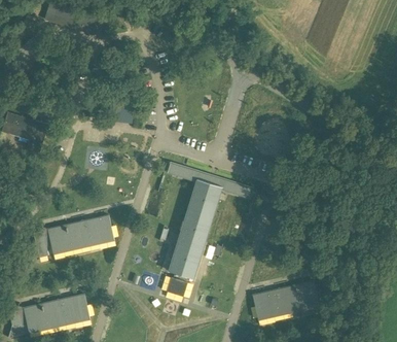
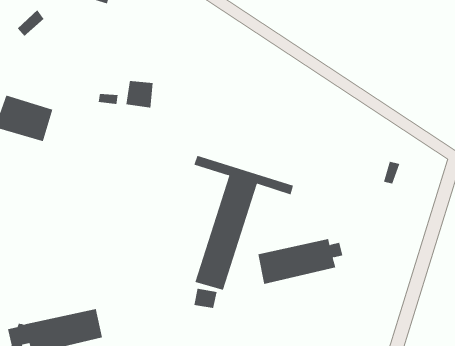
building: [32,214,114,258] -> none
building: [252,280,325,319] -> [257,238,343,284]

